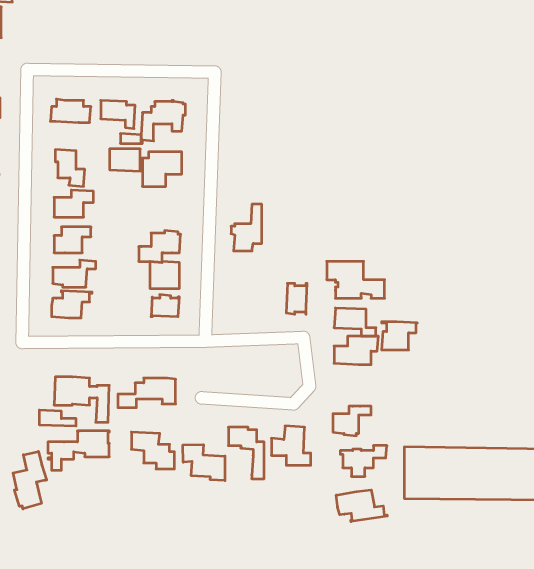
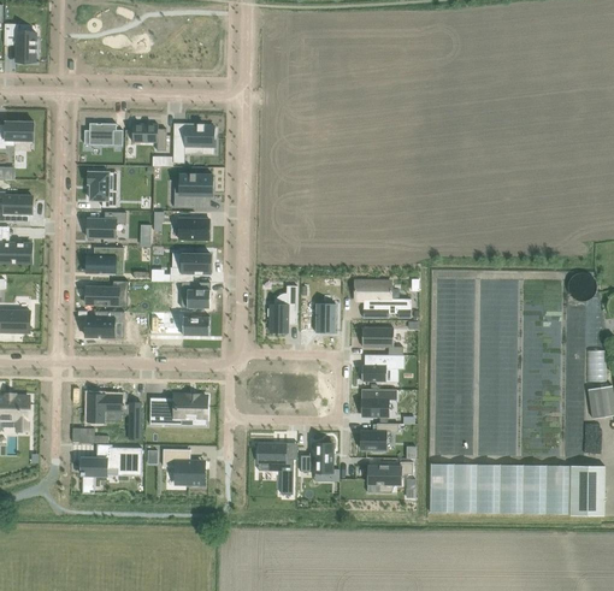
building: [110,149,140,171] -> [178,218,208,240]
building: [231,204,262,251] -> [266,285,296,331]
building: [382,322,417,350] -> [361,388,396,415]
building: [183,445,225,481] -> none
building: [13,451,47,509] -> none
building: [336,490,387,522] -> none

